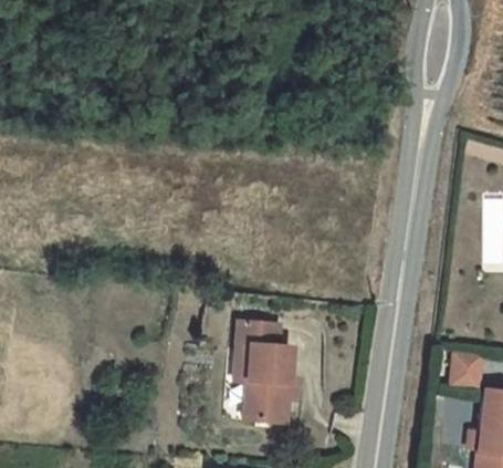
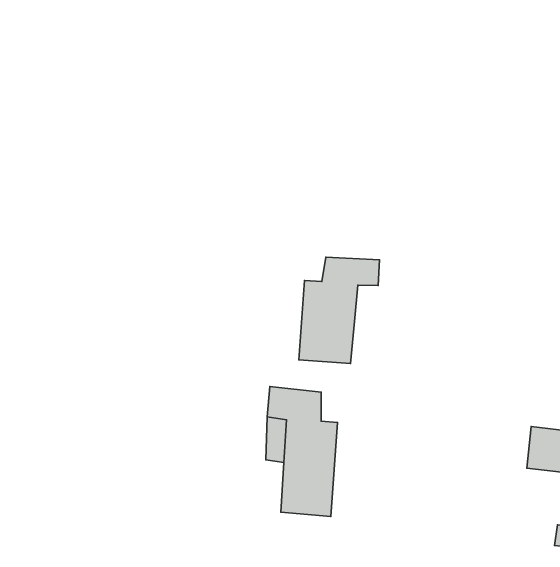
building: none -> [299,257,379,363]

